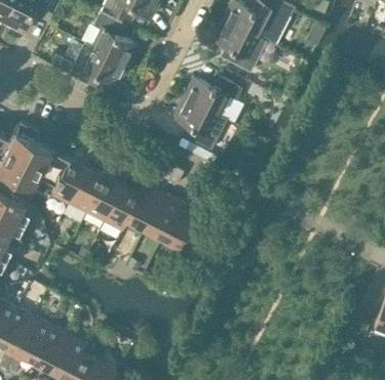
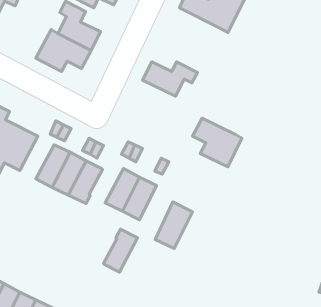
building: [214,22,267,74] -> none
building: [174,99,227,152] -> [193,118,242,167]
building: [51,160,88,206] -> none
building: [126,185,163,231] -> [103,229,138,272]
building: none -> [155,202,193,248]

